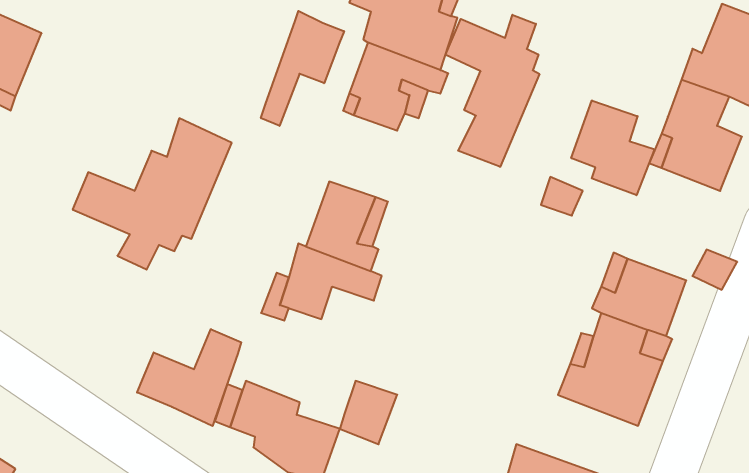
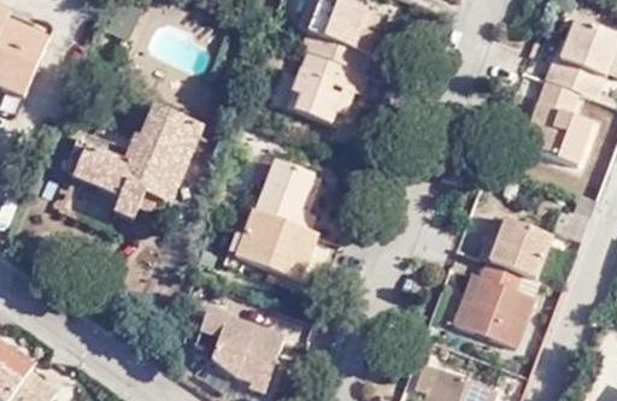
building: [261,11,344,126] -> none
building: [446,15,539,167] -> none
building: [571,100,655,195] -> none
building: [137,329,241,426] -> none
building: [340,381,397,444] -> [265,236,310,285]

